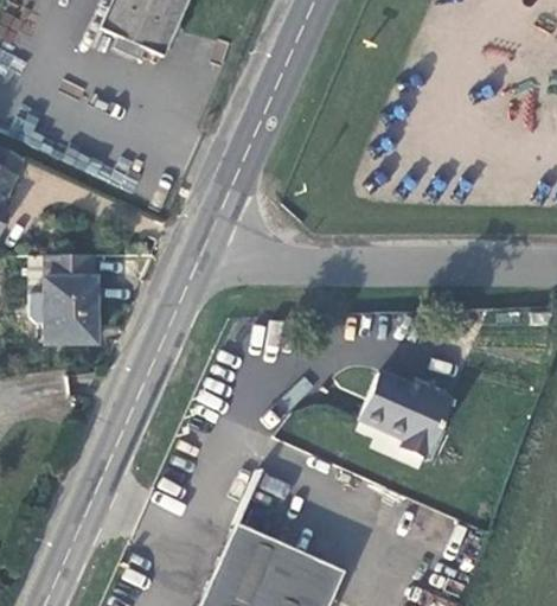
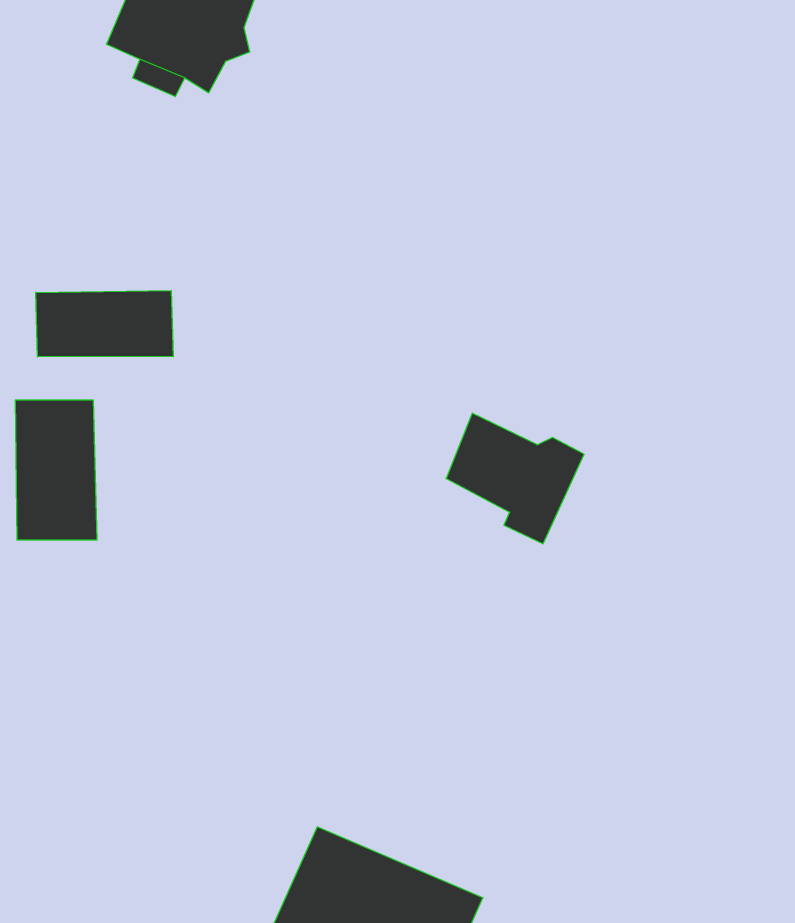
building: none -> [36,291,173,357]
building: [364,375,452,458] -> [446,413,584,544]

